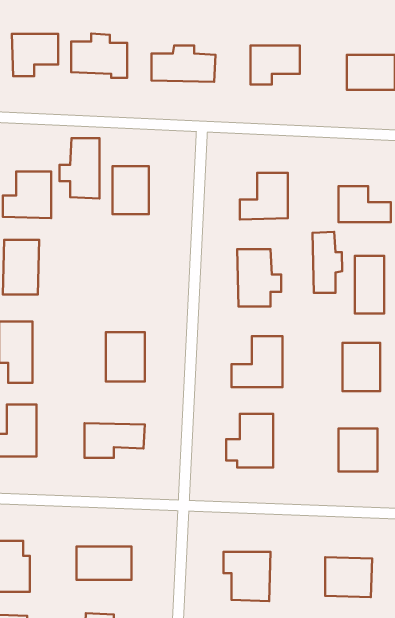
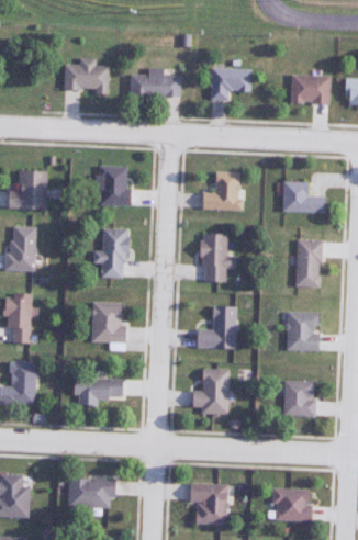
building: [12,34,58,76] -> none
building: [59,138,100,198] -> [93,229,126,279]
building: [313,232,342,293] -> none

